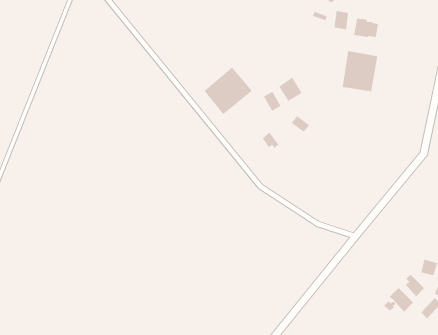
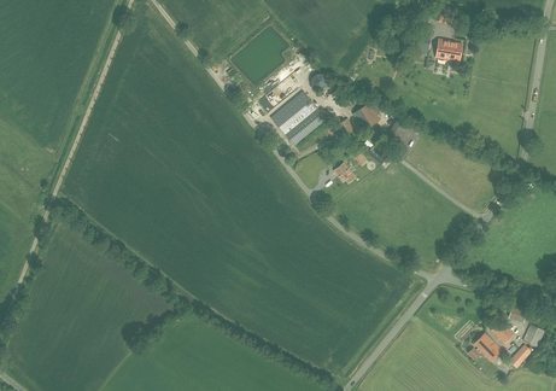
building: [342,50,378,92] -> none

